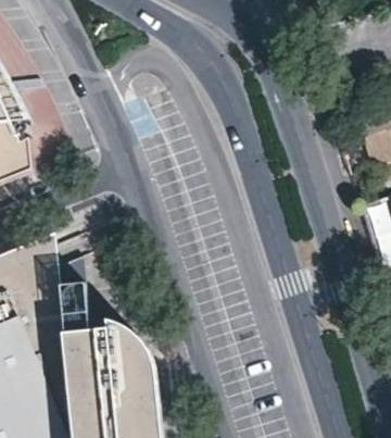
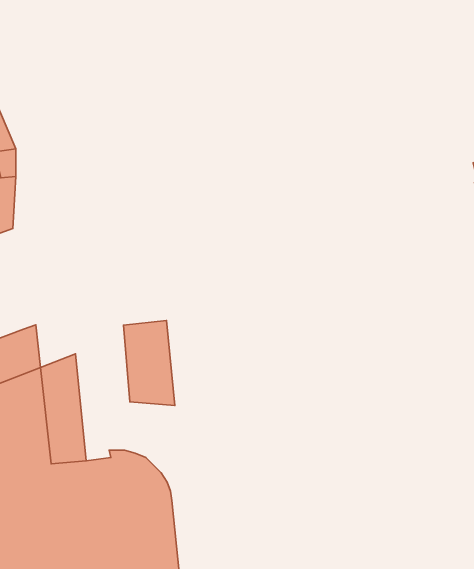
building: none -> [123,321,175,406]

